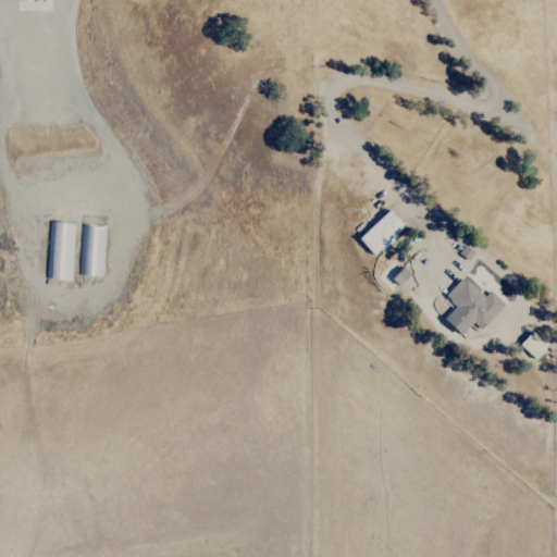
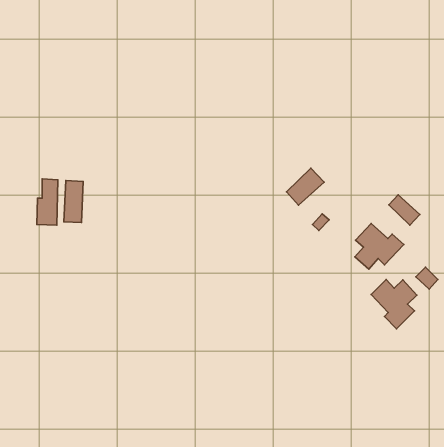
building: none -> [389,195,420,225]
building: none -> [371,280,417,329]

